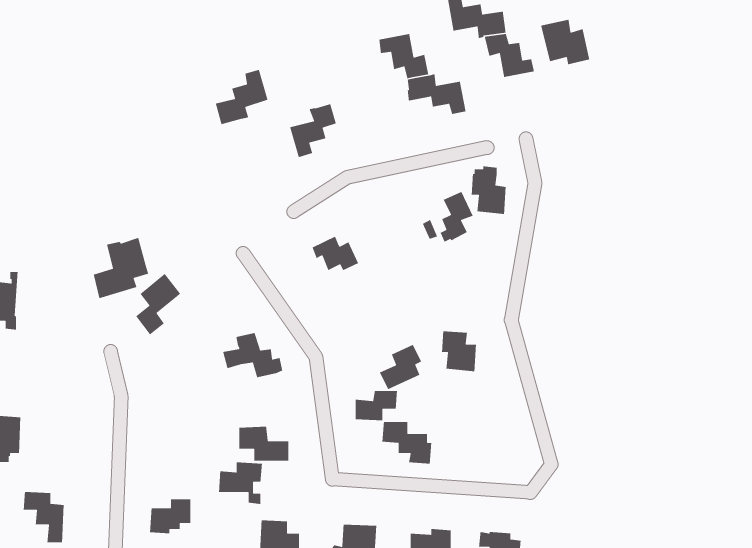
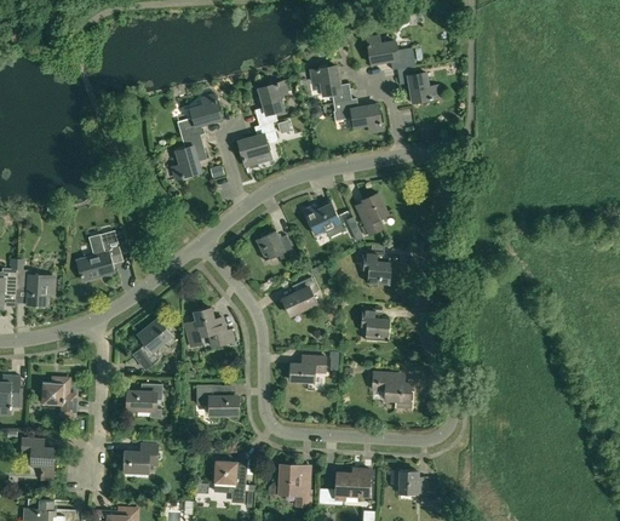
building: [540,19,590,65] -> none
building: none -> [254,81,286,125]
building: none -> [172,134,206,178]
building: [471,166,506,215] -> [362,244,391,284]
building: none -> [304,204,343,234]
building: none -> [15,258,54,305]
building: [135,273,181,335] -> [133,317,171,368]
building: [379,344,422,390] -> [282,276,317,314]
building: none -> [41,378,75,417]
building: [382,421,432,464] -> [373,372,414,407]
building: [218,462,263,505] -> [126,383,162,418]

